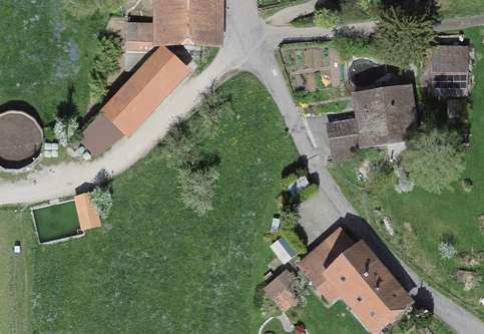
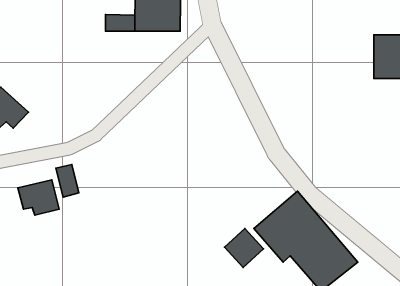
building: [81,49,180,149] -> none
building: [324,84,417,152] -> none
building: none -> [18,180,59,215]

